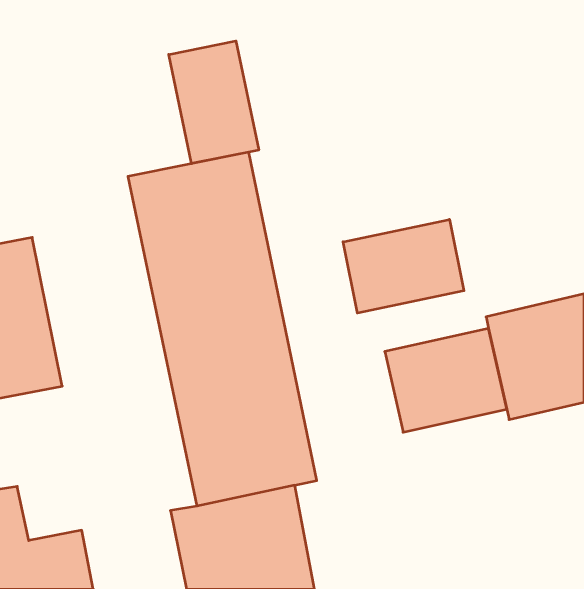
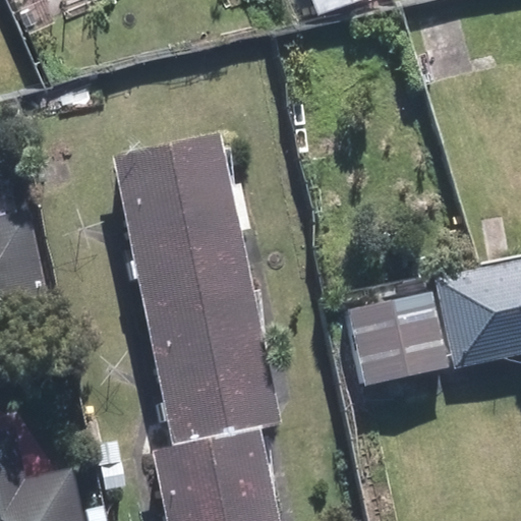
building: [169,41,259,164] -> none
building: [343,219,464,313] -> none

